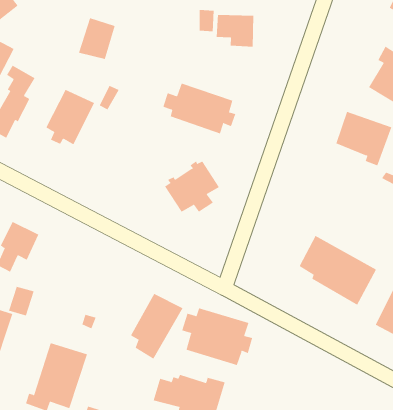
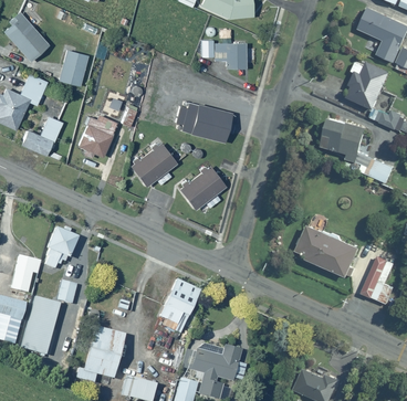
building: [78,18,116,60] -> [58,51,87,85]
building: none -> [129,143,178,187]
building: [182,308,253,366] -> none

